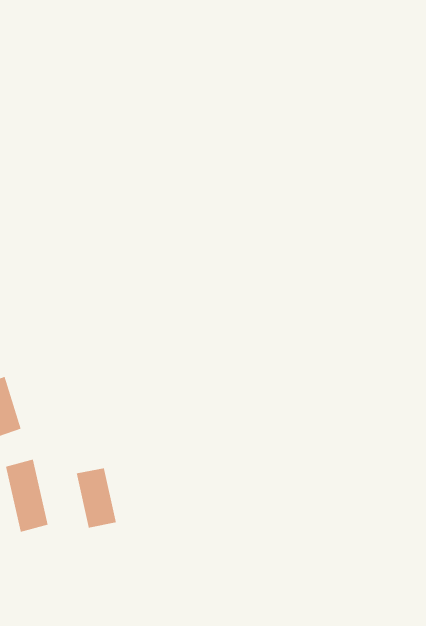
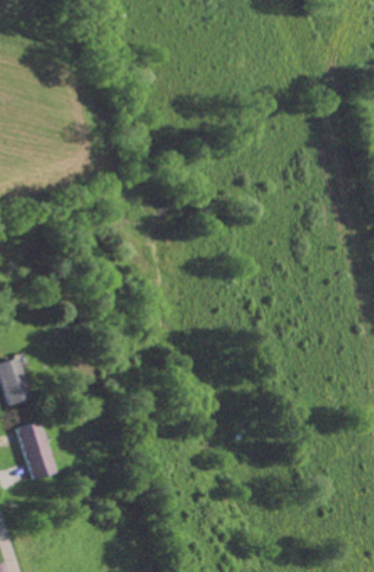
building: [76,467,117,528] -> none

